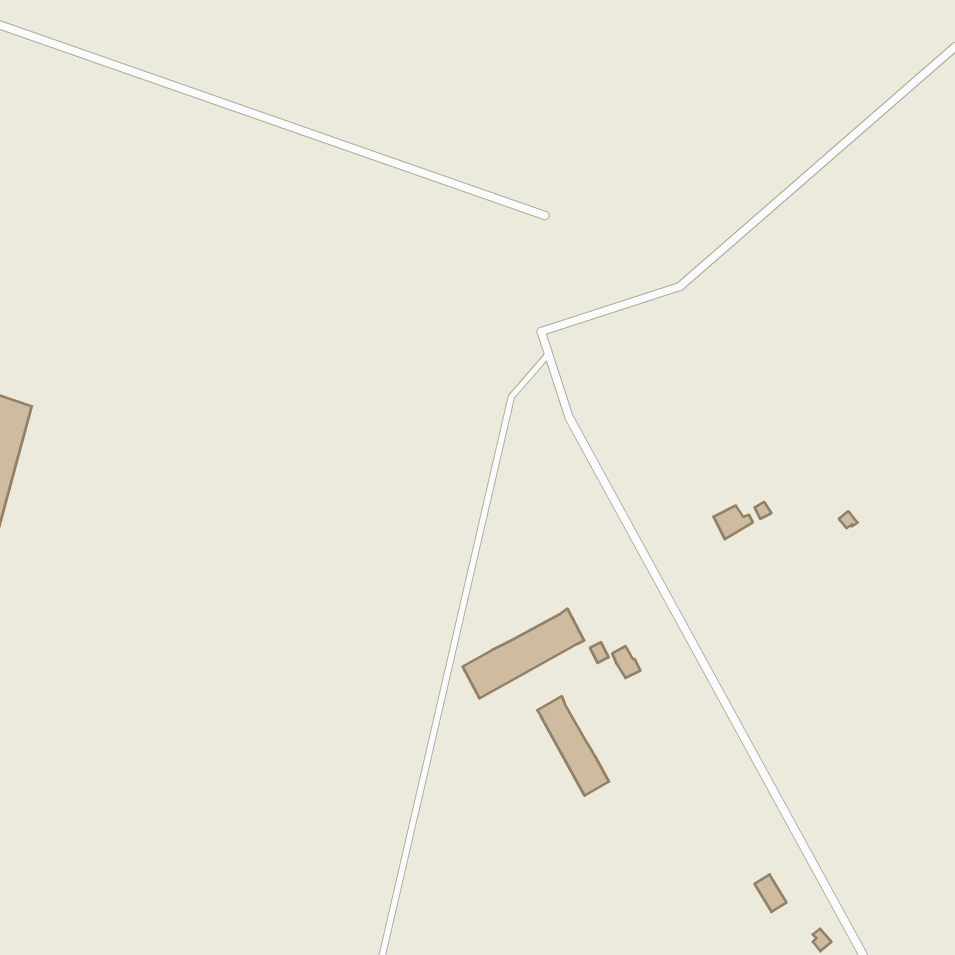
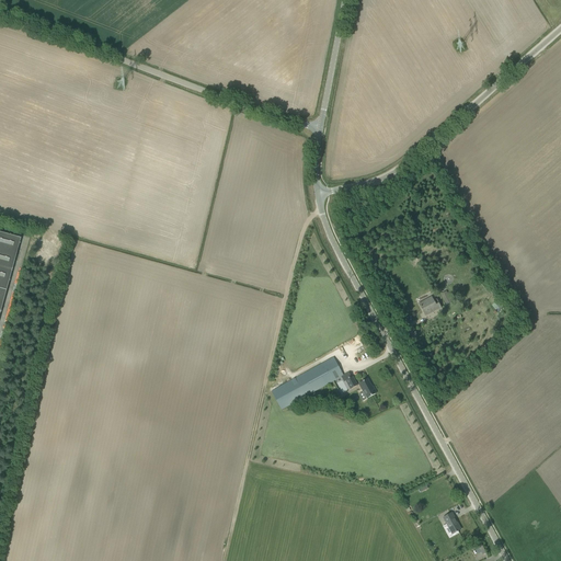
building: [537,696,609,796] -> none

